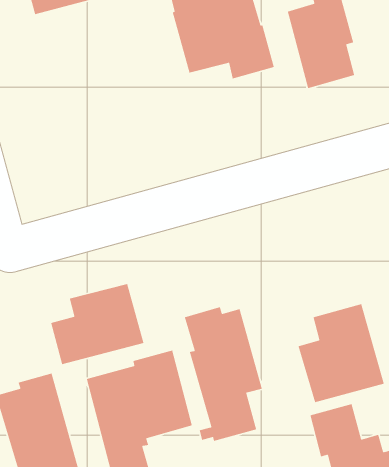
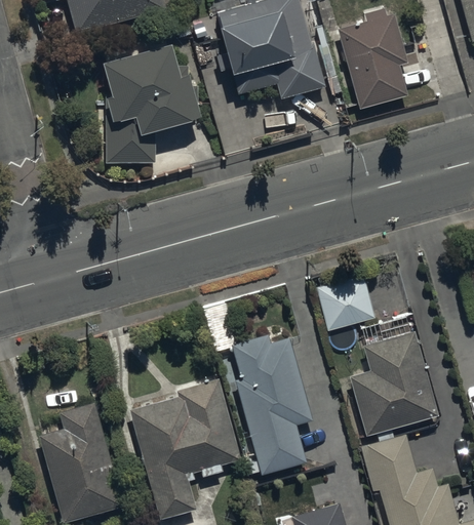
building: none -> [98,34,202,163]
building: none -> [316,276,374,331]
building: [50,283,144,365] -> none

